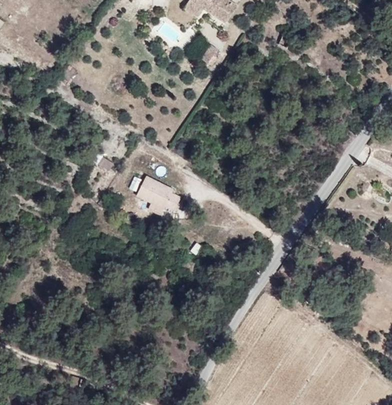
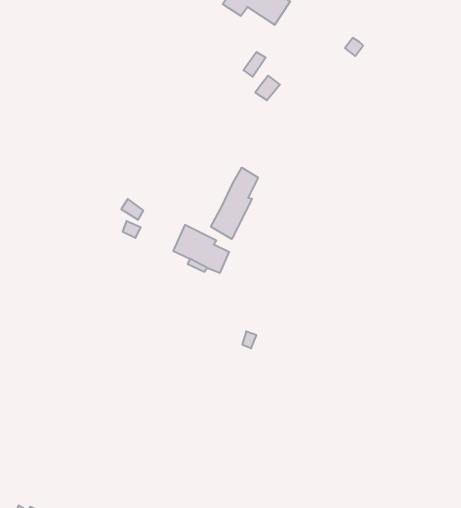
building: none -> [211,168,258,239]

